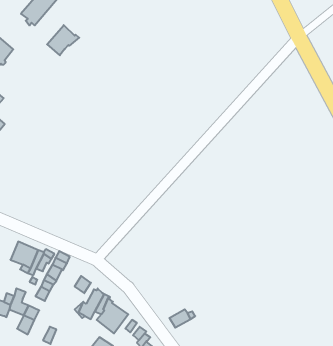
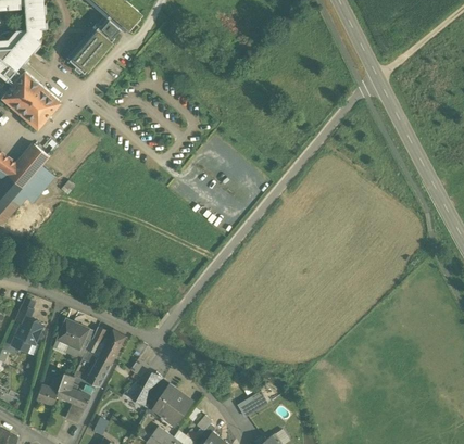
building: [47,25,79,55] -> none

